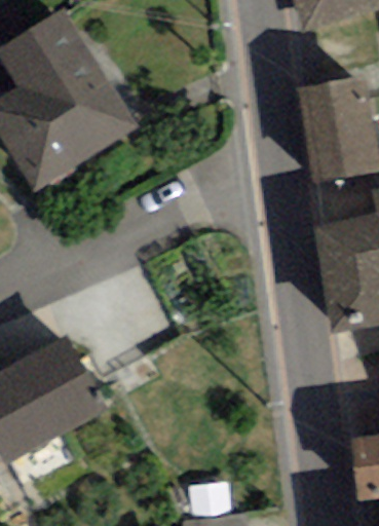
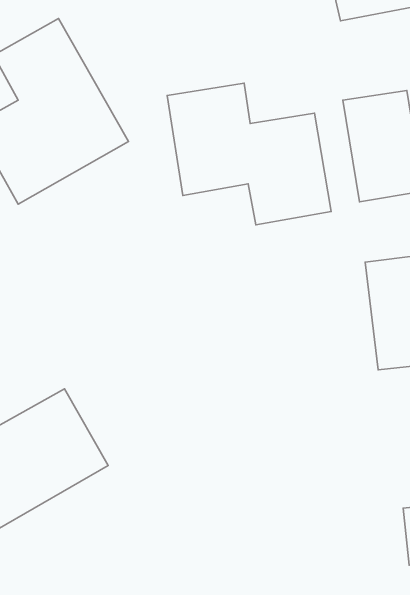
building: none -> [167,83,331,225]

